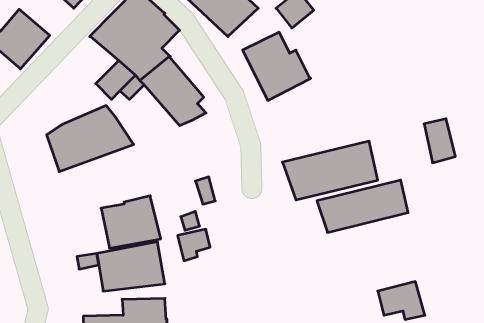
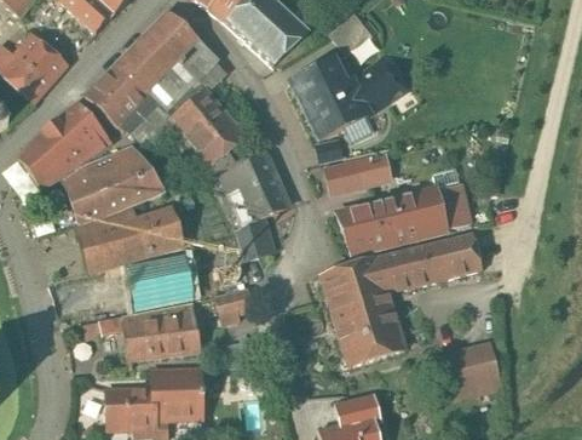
building: none -> [352,64,398,113]
building: none -> [86,65,148,125]
building: none -> [19,101,113,192]
building: none -> [323,152,393,195]
building: none -> [220,155,289,227]
building: [424,119,455,163] -> [437,181,473,232]
building: none -> [76,195,184,272]
building: none -> [319,255,405,366]

